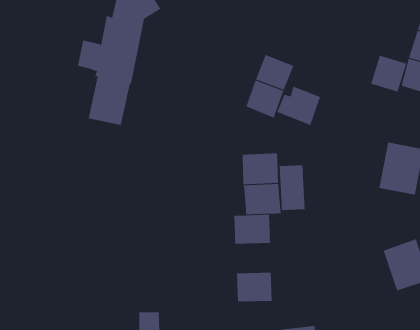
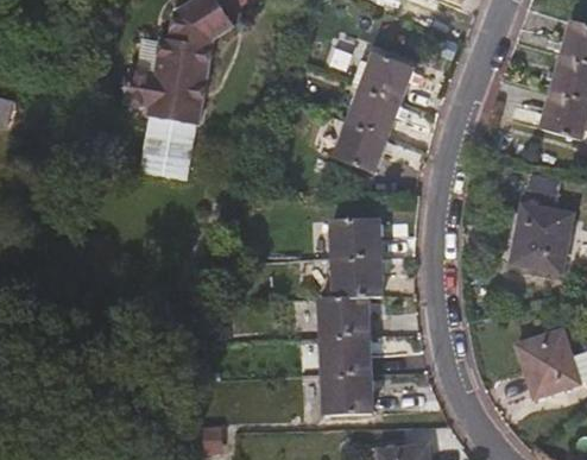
building: [370,55,407,93] -> none
building: [277,86,321,126] -> [355,50,414,102]
building: [279,164,305,211] -> none
building: none -> [322,335,371,374]

